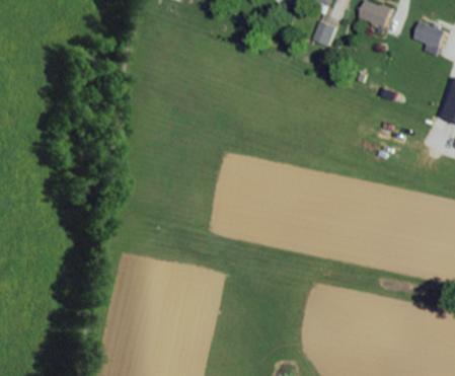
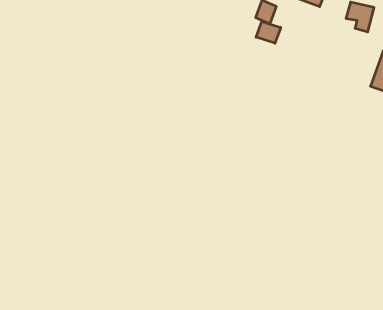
building: none -> [256,21,281,43]

